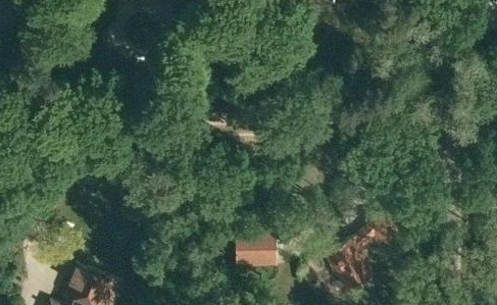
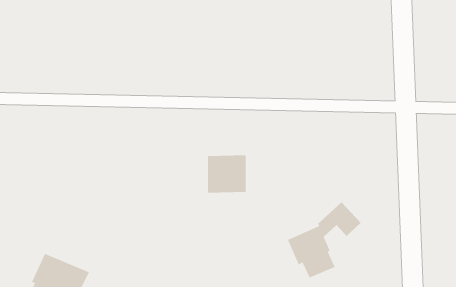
building: [235,232,275,270] -> [207,155,246,193]

